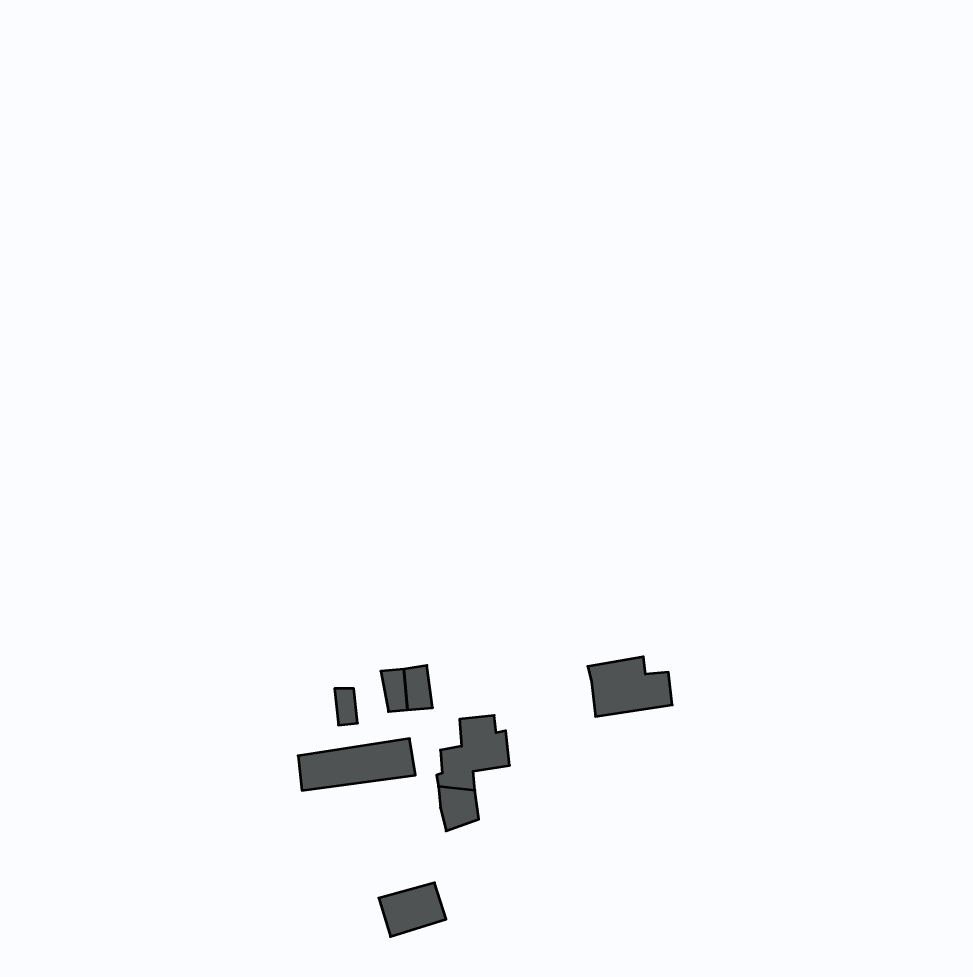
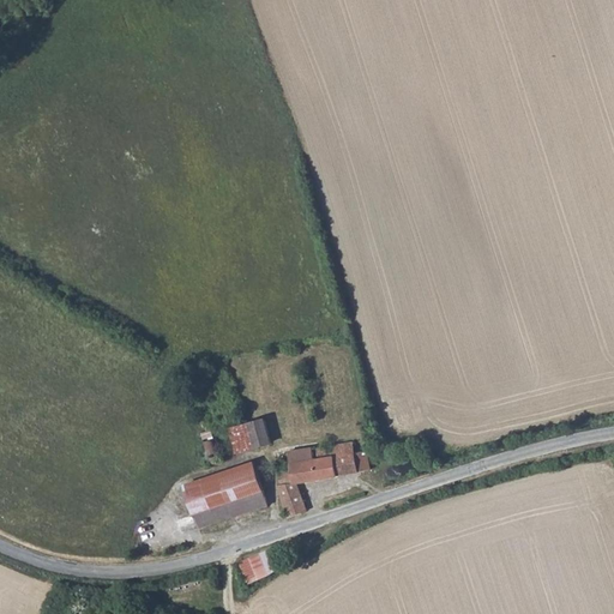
building: [588,657,672,716] -> [313,444,366,481]
building: none -> [188,487,261,514]

